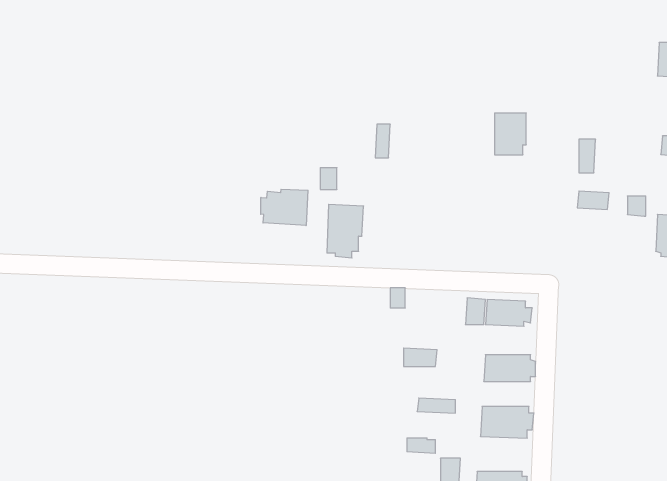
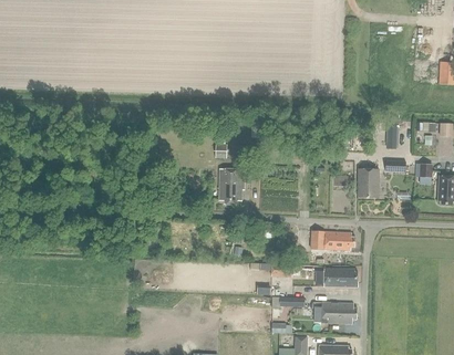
building: [495,113,526,155] -> [358,169,379,197]
building: [261,189,308,226] -> none

